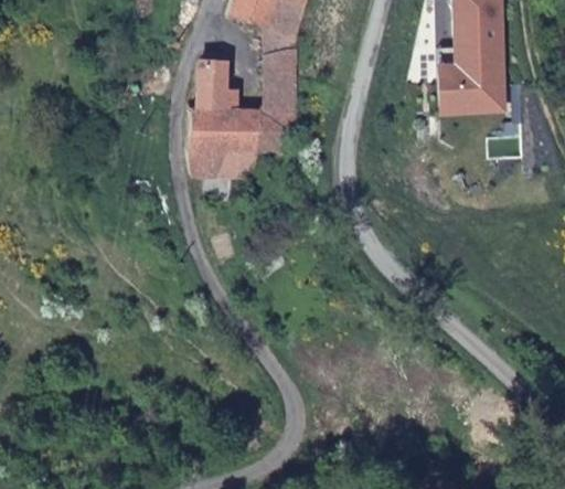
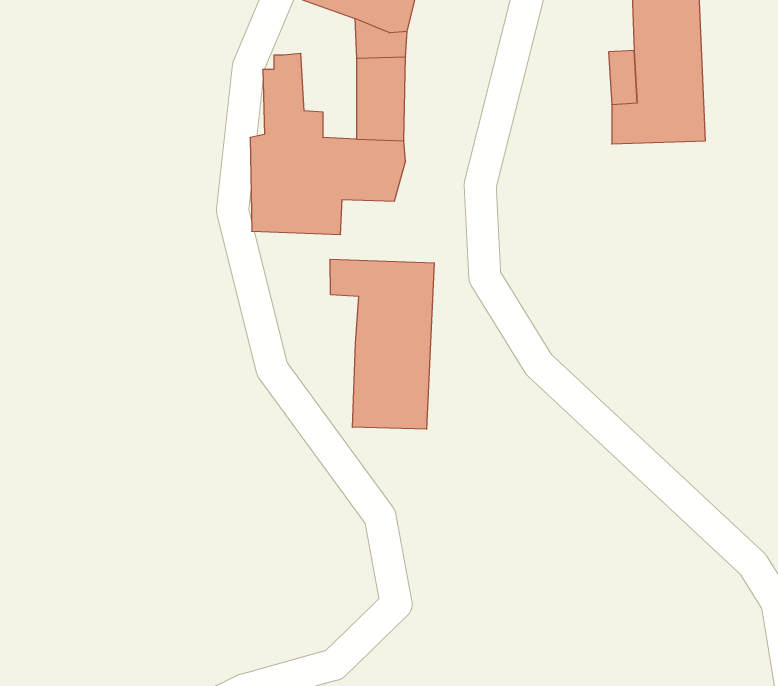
building: none -> [330,259,434,429]

